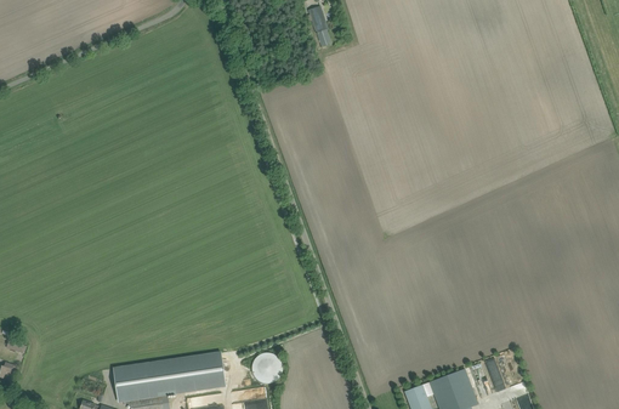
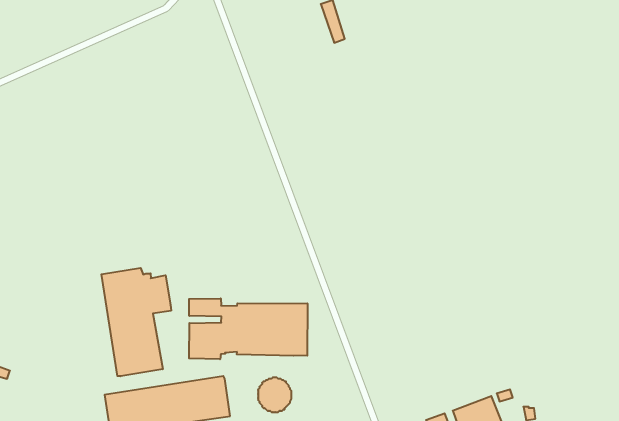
building: none -> [101,268,171,376]
building: none -> [189,298,307,359]

